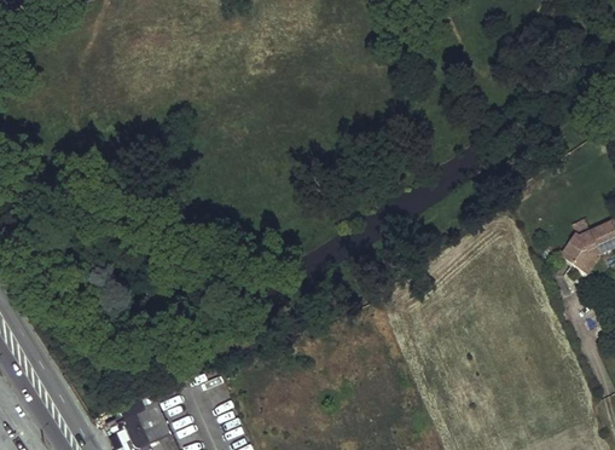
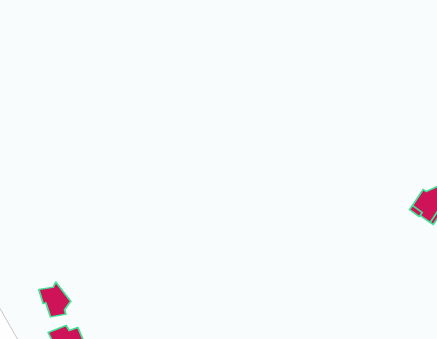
building: none -> [39,282,71,317]

